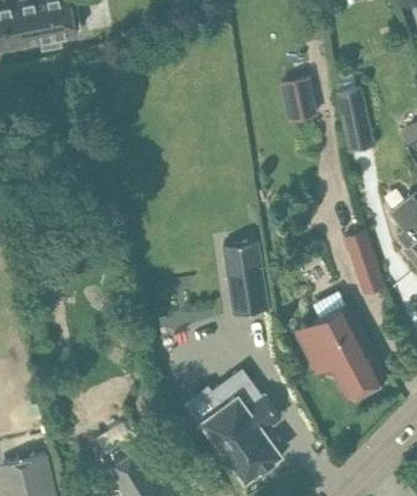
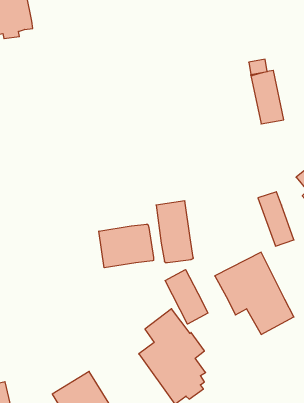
building: [279,79,318,125] -> none
building: none -> [99,224,154,268]
building: none -> [165,270,208,324]

